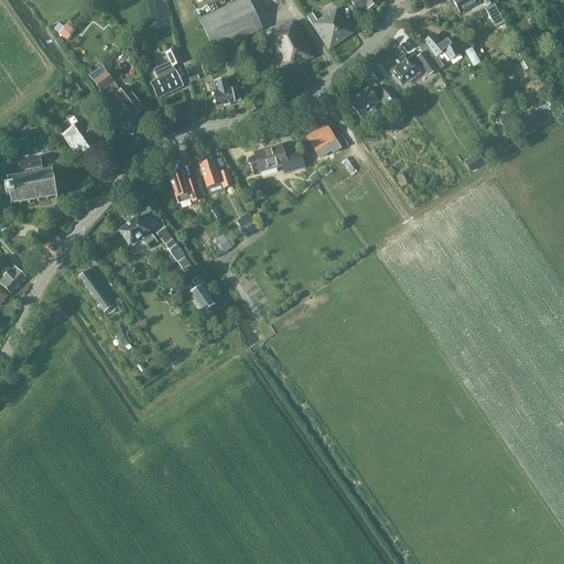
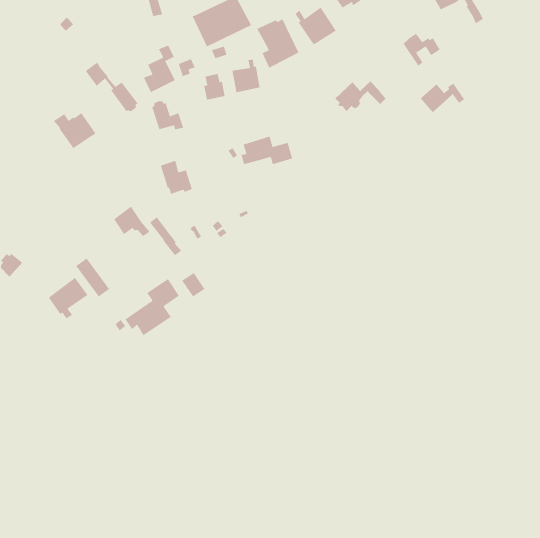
building: [388,52,435,84] -> [420,83,465,113]
building: none -> [231,59,261,93]
building: [306,121,338,151] -> none
building: [6,153,58,200] -> none
building: [199,155,234,186] -> [151,101,184,130]
building: none -> [48,277,89,319]
building: none -> [125,278,180,336]

